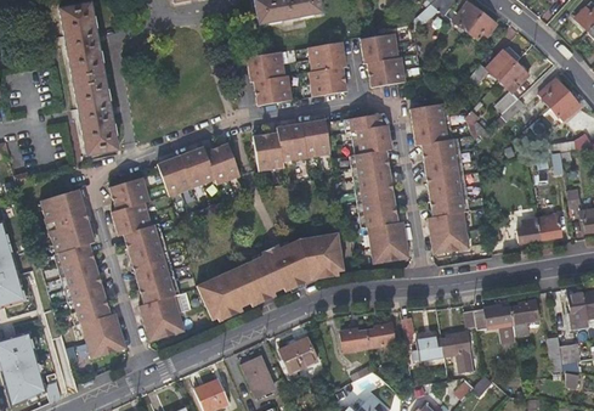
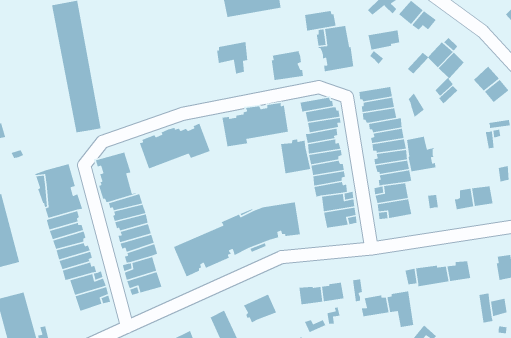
building: none -> [367,29,400,50]
building: [307,41,344,66] -> [304,10,336,32]
building: [249,72,292,105] -> none
building: none -> [406,136,437,172]
building: none -> [280,138,311,174]

